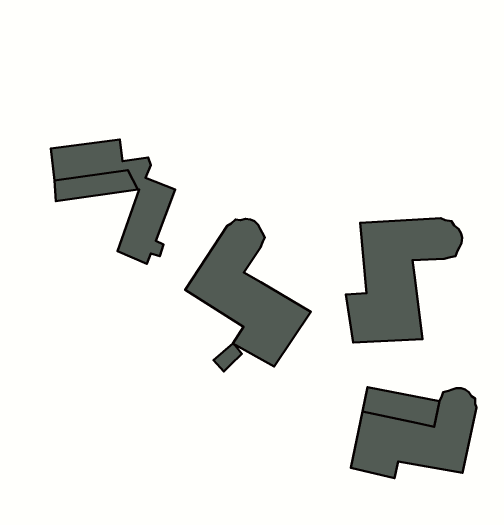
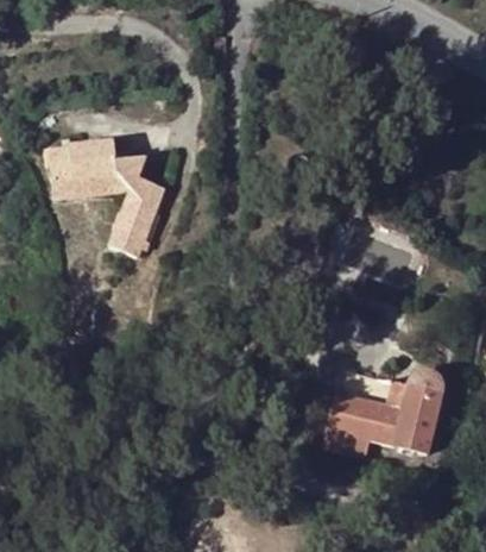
building: [346,218,462,343] -> none
building: [185,219,311,367] -> none

